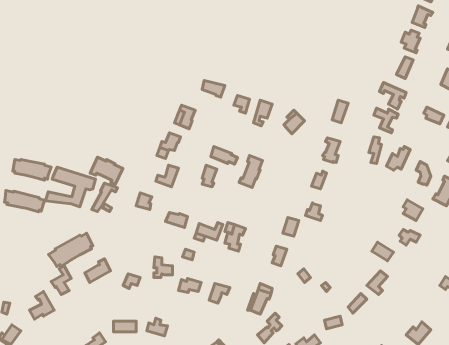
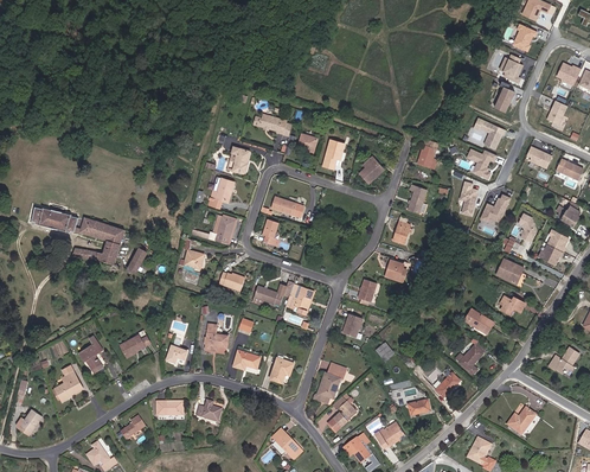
building: [239,155,262,188] -> none
building: [90,157,123,184] -> none
building: [4,191,45,212] -> none
building: [48,233,93,267] -> none

